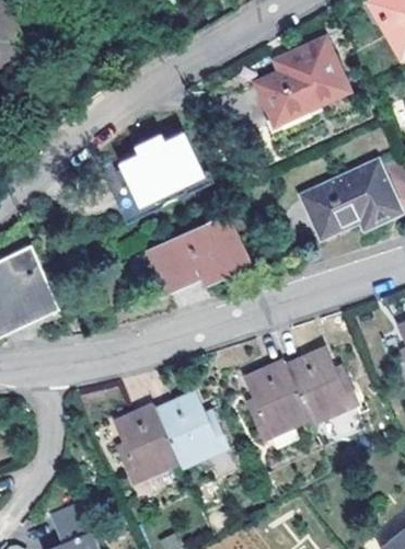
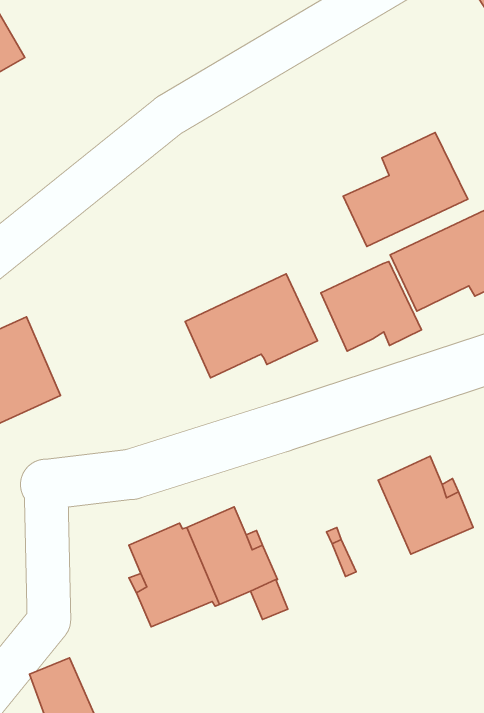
building: [255,38,347,123] -> [343,132,468,247]
building: [120,135,202,203] -> none
building: none -> [321,261,422,351]
building: [252,359,313,433] -> none

